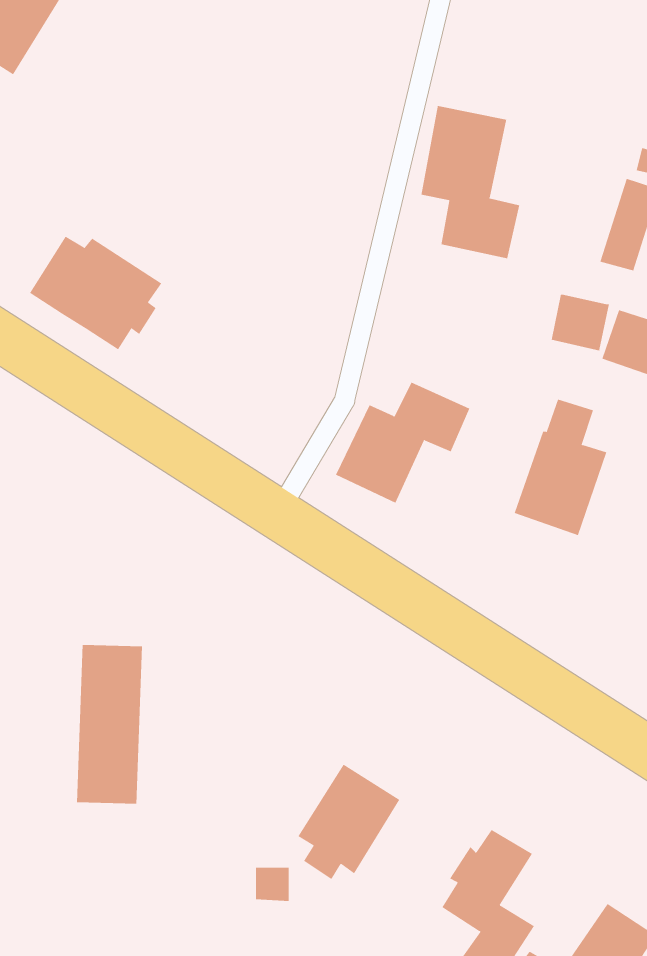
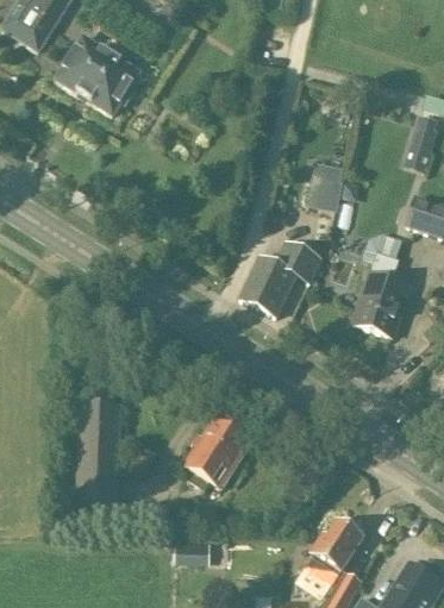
building: [421,105,520,259] -> none
building: [29,236,162,350] -> [55,40,138,112]
building: [551,294,610,351] -> [304,175,340,211]
building: [298,764,400,880] -> [183,418,248,490]

